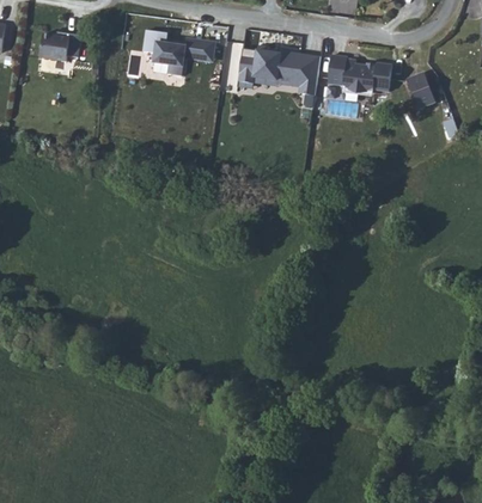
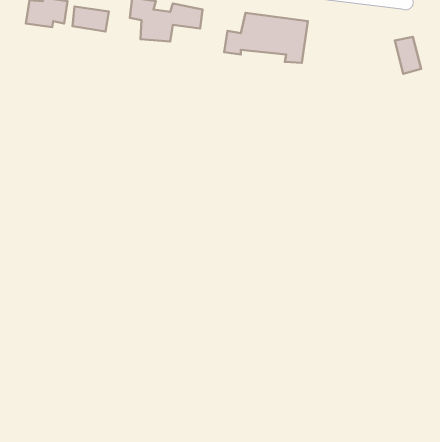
building: none -> [72,7,109,32]
building: [328,54,392,93] -> none

